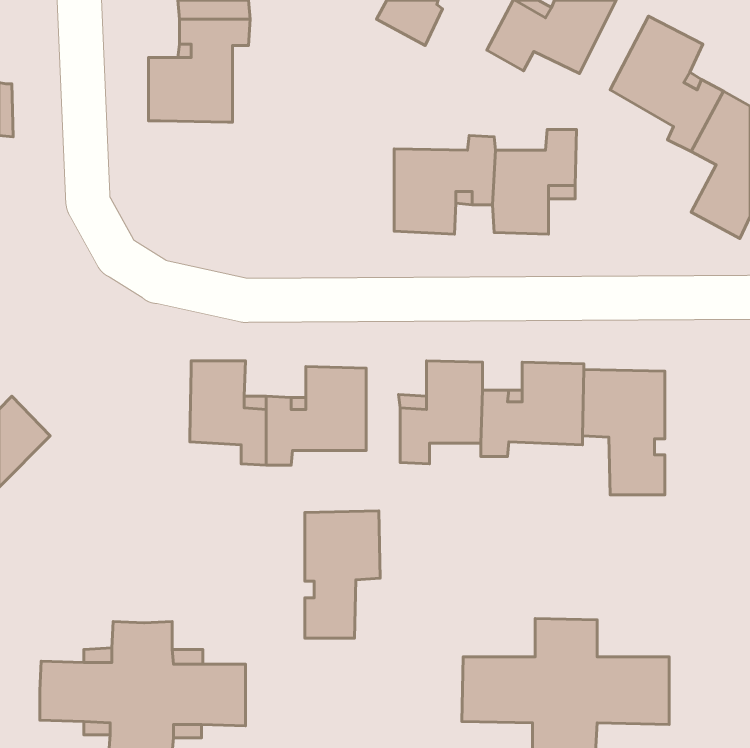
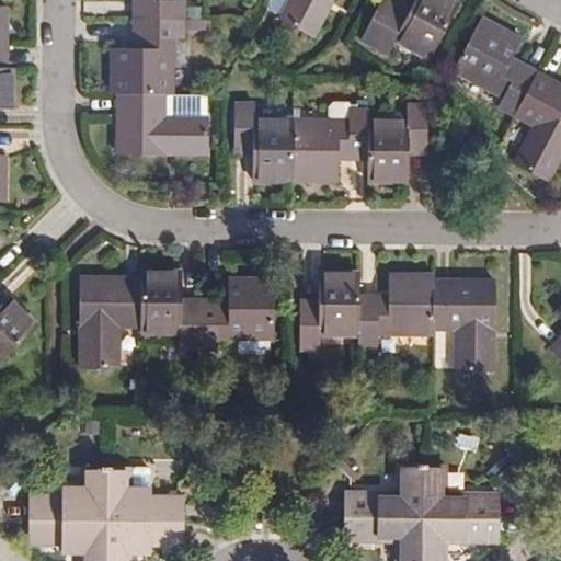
building: none -> [118,93,209,153]
building: none -> [234,98,294,175]
building: none -> [81,277,142,369]
building: [305,511,380,638] -> none

